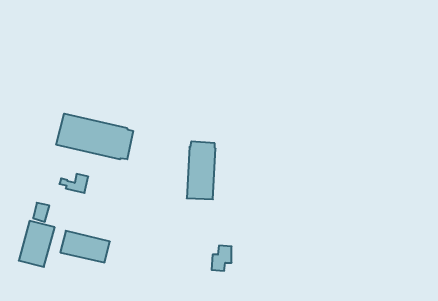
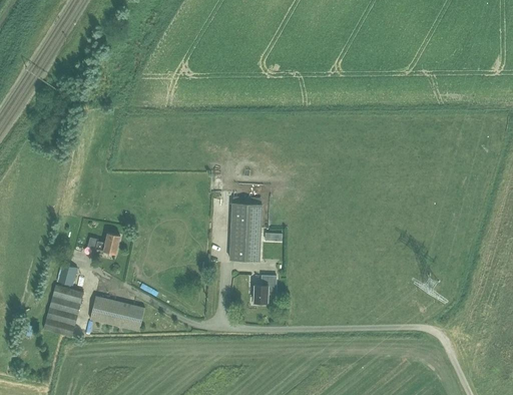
building: [56,114,133,159] -> none
building: [212,246,232,271] -> [253,275,276,303]

